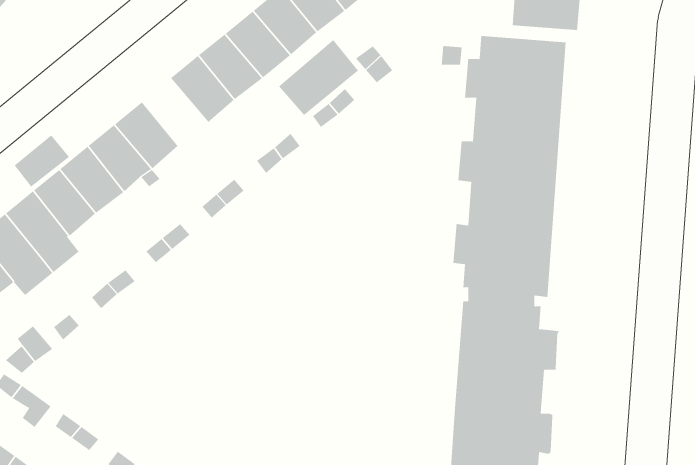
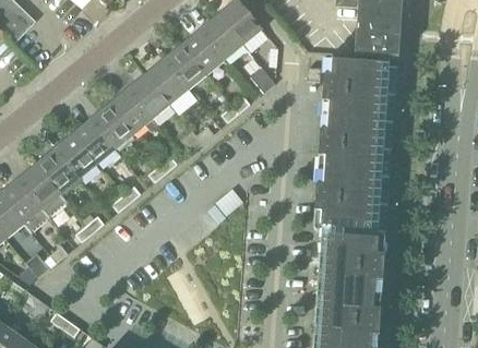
building: [278,39,359,116] -> none
building: none -> [109,88,153,133]
building: [14,134,70,188] -> none

